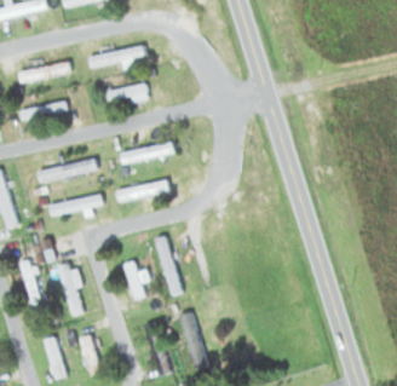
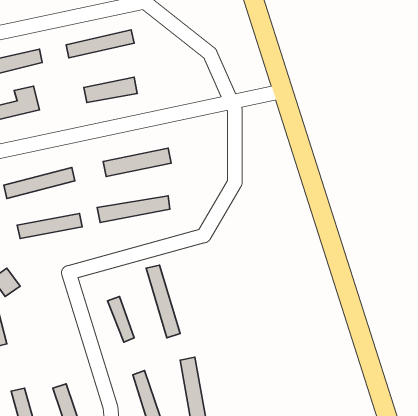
building: [56,263,84,315] -> none

